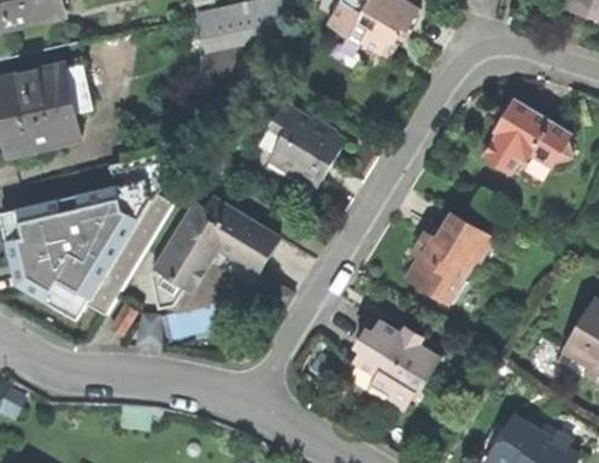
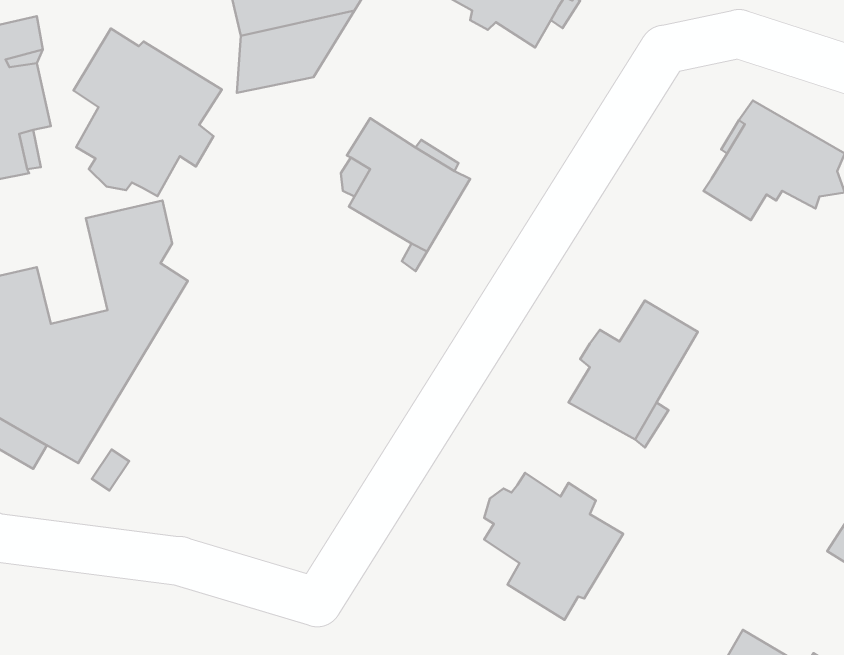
building: none -> [74,29,222,196]
building: [77,188,121,229] -> none
building: [147,197,276,309] -> none

